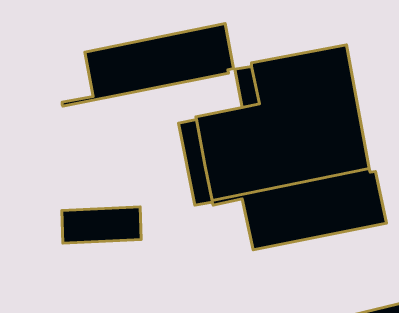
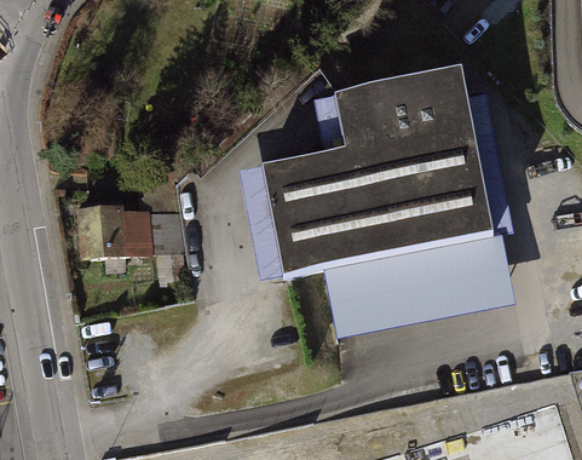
building: [62,24,234,106] -> none
building: [62,207,141,243] -> [83,208,189,257]

